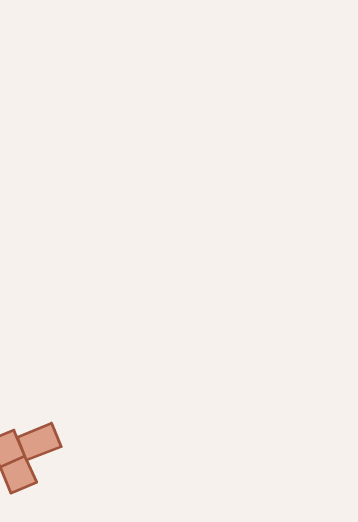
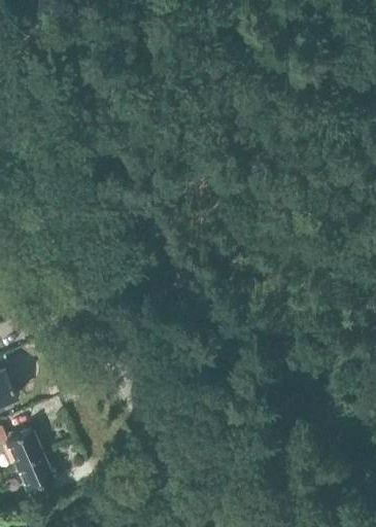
building: [18,423,61,460] -> none

